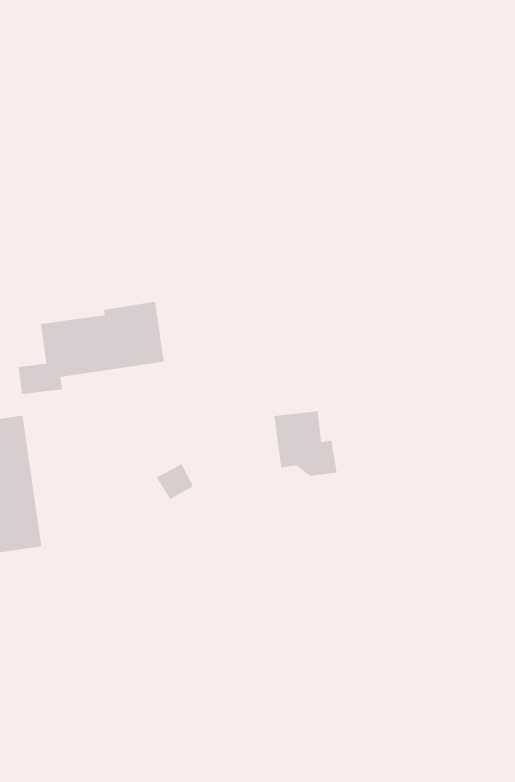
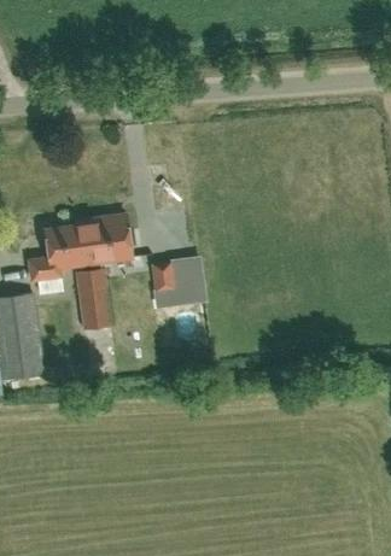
building: none -> [77,267,113,329]
building: [273,411,337,476] -> [152,259,197,305]

